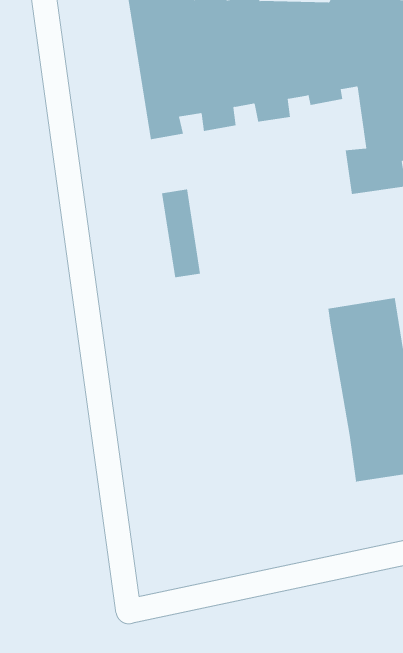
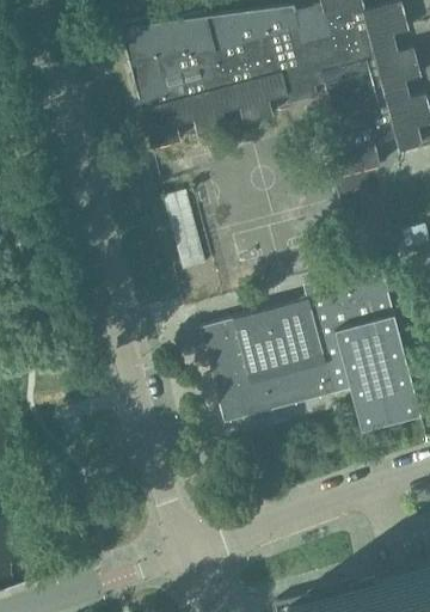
building: none -> [199,295,352,423]

